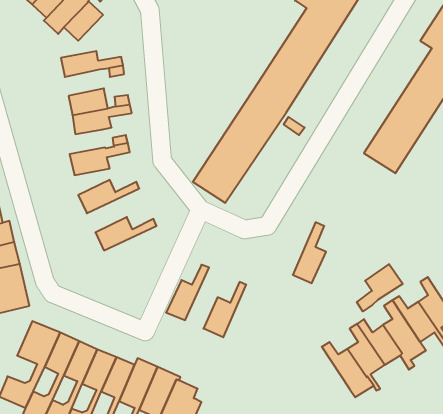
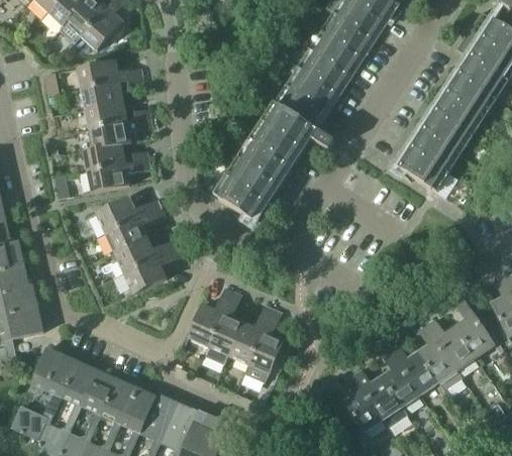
building: none -> [81,81,122,109]
building: none -> [83,144,123,170]
building: none -> [104,207,164,253]
building: [293,222,326,283] -> [248,309,284,373]
building: none -> [122,246,183,294]
building: [357,264,403,311] -> none
building: none -> [204,291,242,364]
building: none -> [342,374,382,431]

